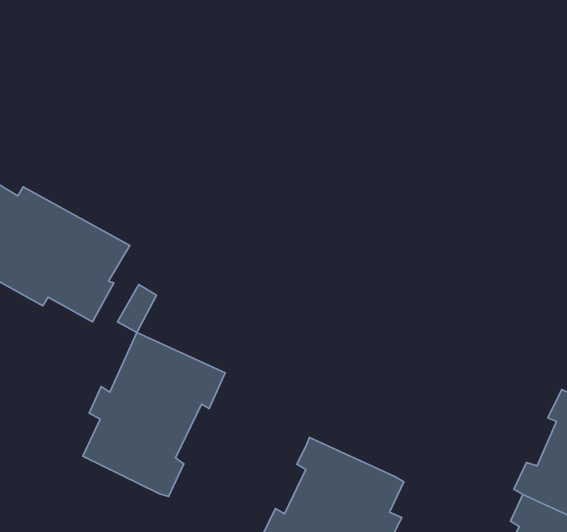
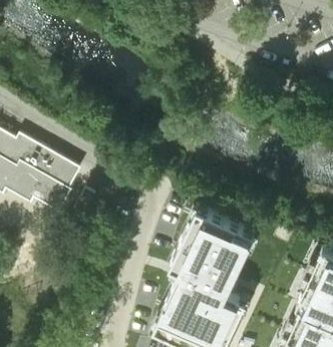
building: [83,333,225,497] -> none
building: none -> [176,214,257,295]

